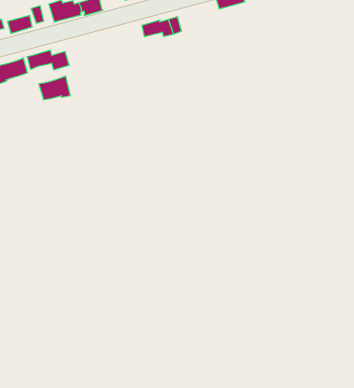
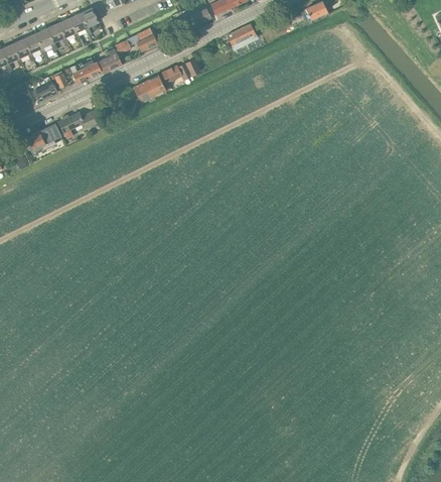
building: none -> [125,75,166,105]
building: [39,76,70,100] -> none

